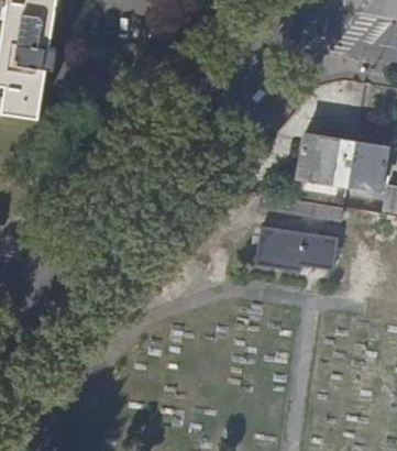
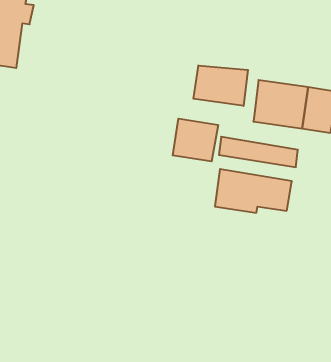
building: none -> [193,65,248,106]
building: none -> [173,119,218,161]

